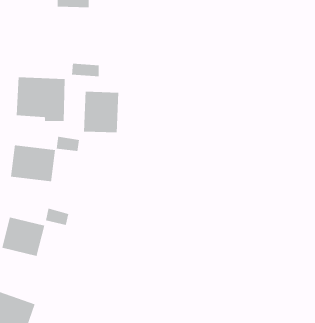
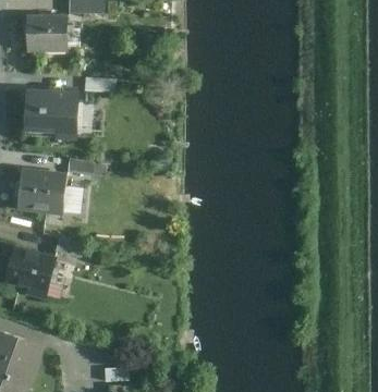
building: none -> [24,14,64,51]
building: [83,91,119,133] -> none

